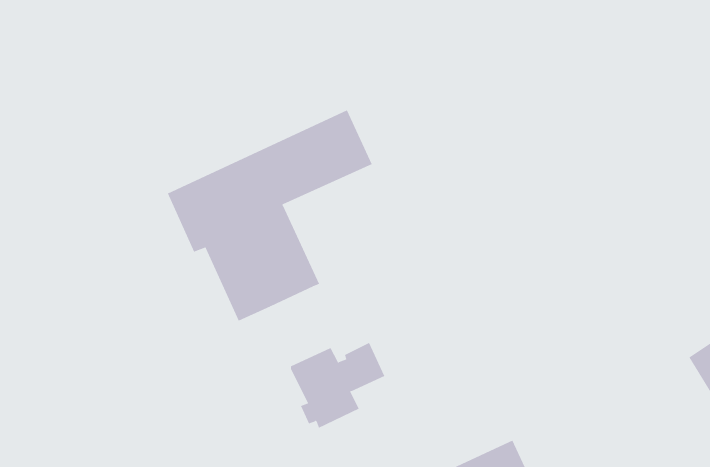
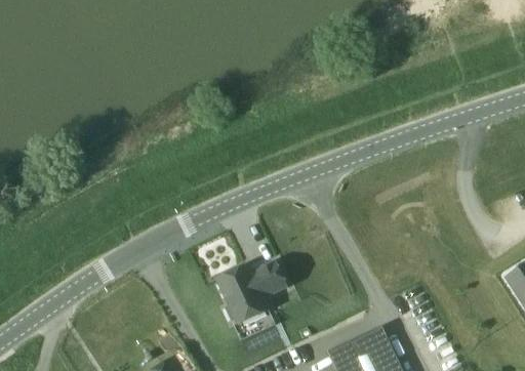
building: [167,110,373,321] -> none

